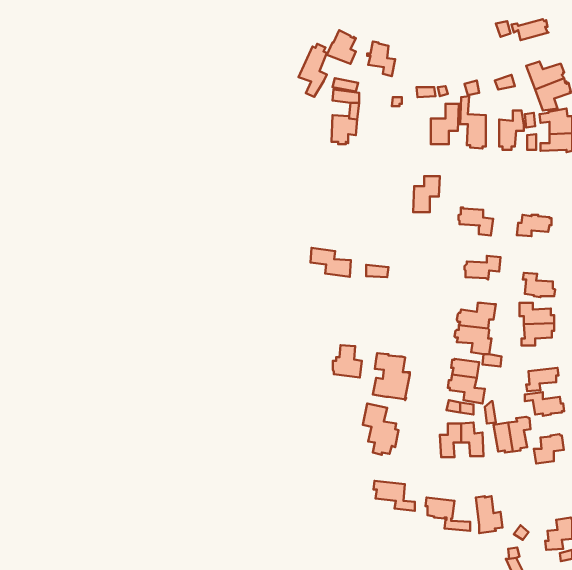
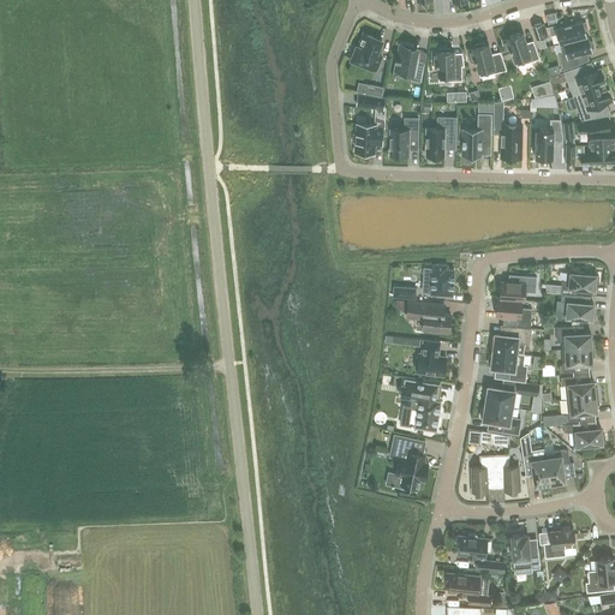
building: none -> [502,34,539,67]
building: none -> [559,36,595,71]
building: none -> [467,43,507,77]
building: none -> [432,48,462,82]
building: [298,44,327,97] -> none
building: none -> [390,119,418,156]
building: [413,176,440,212] -> [425,118,454,156]
building: [459,208,493,235] -> [495,298,532,328]
building: [517,215,552,236] -> [561,273,598,295]
building: none -> [431,264,454,295]
building: [311,248,351,277] -> [407,301,450,333]
building: [333,345,362,377] -> [414,341,446,376]
building: none -> [561,376,598,400]
building: [534,434,564,463] -> [543,527,575,559]
building: [373,481,415,511] -> [446,573,490,605]

